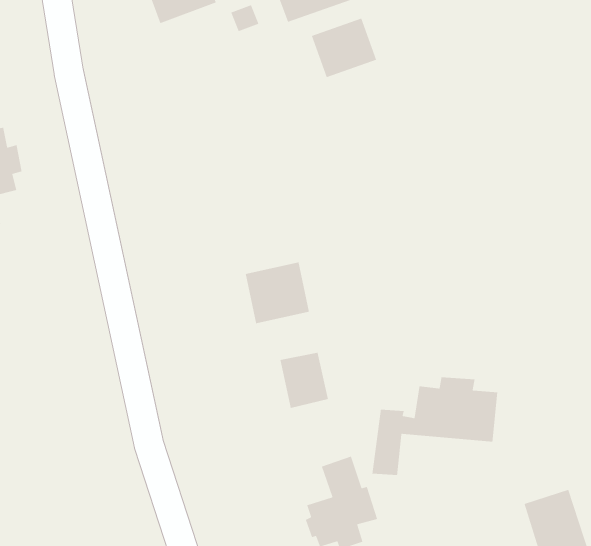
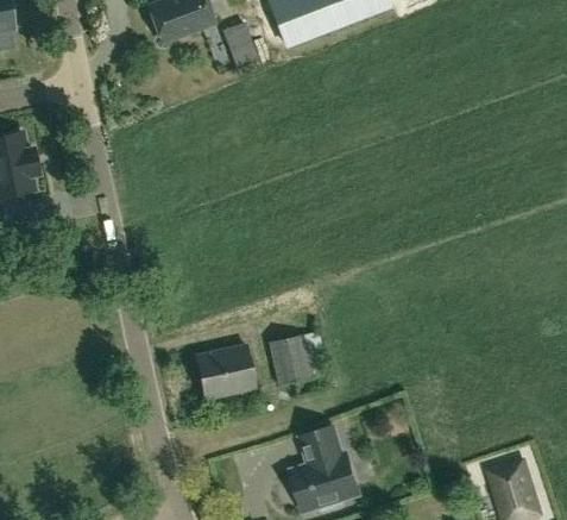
building: [311,18,377,78] -> none
building: [245,262,310,324] -> [196,343,254,399]
building: [371,376,498,476] -> none

